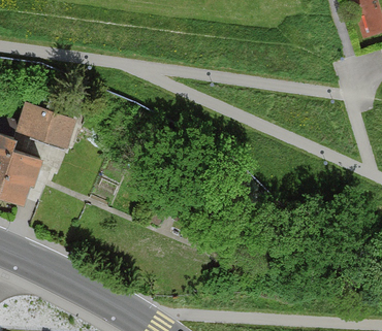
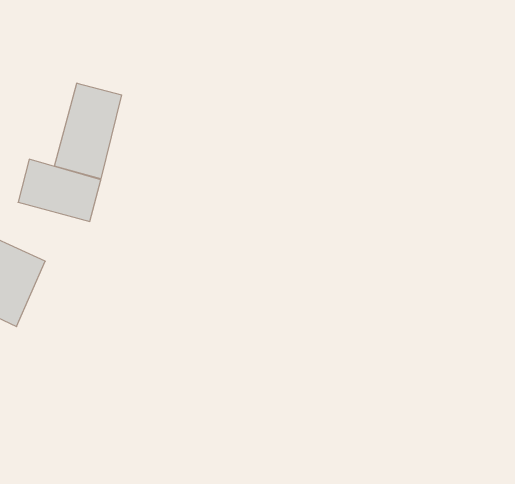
building: none -> [55,83,121,179]

